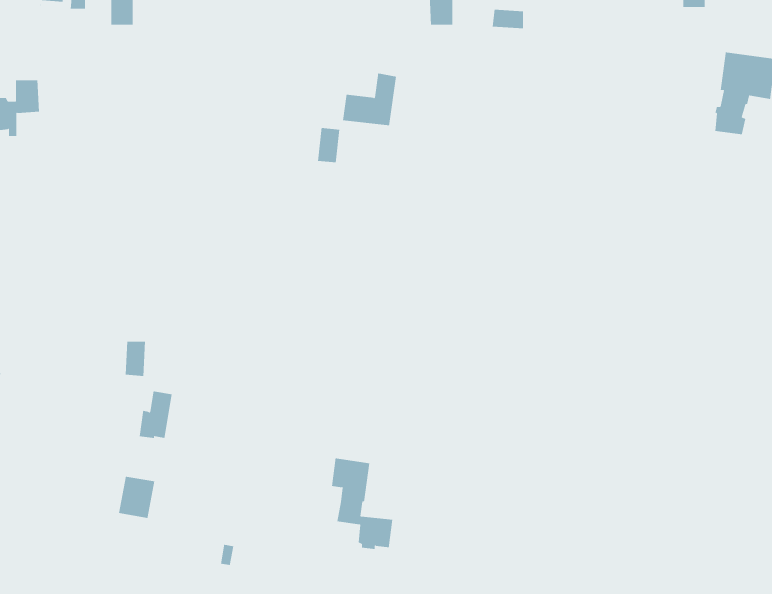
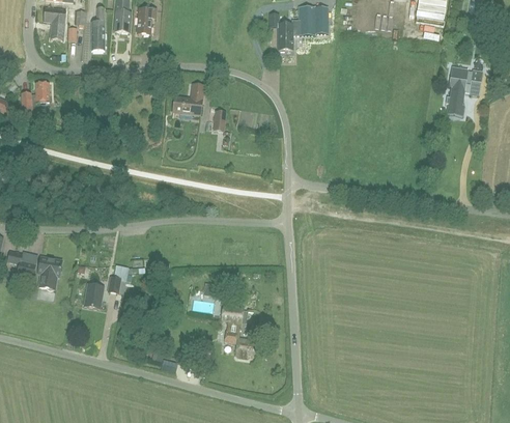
building: [342,73,397,126] -> [171,83,203,114]
building: none -> [37,256,61,288]
building: [118,476,155,518] -> [82,283,104,308]

